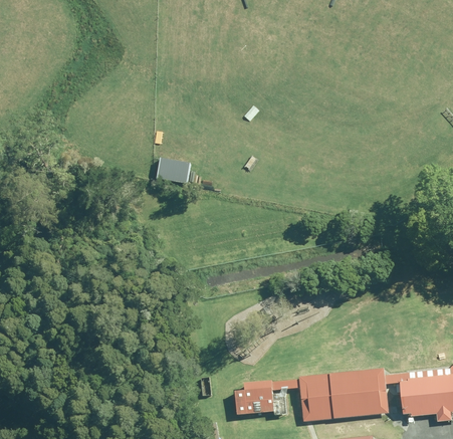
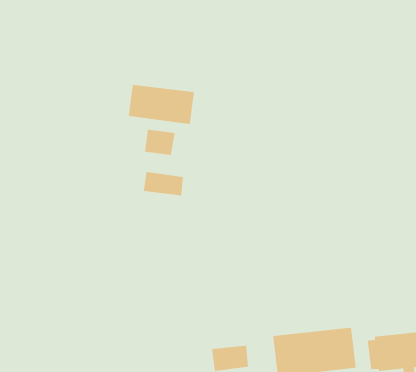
building: none -> [128,84,194,125]
building: none -> [143,171,184,196]

